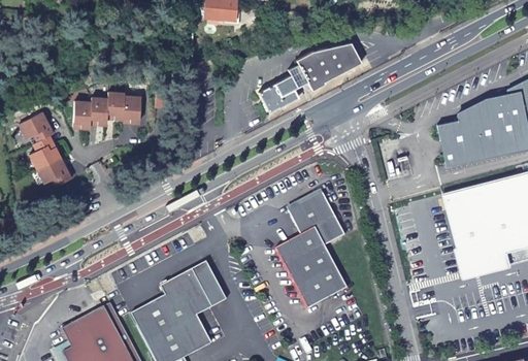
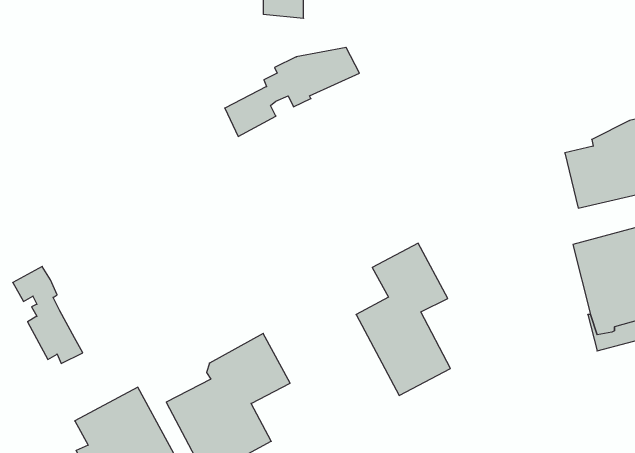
building: [259,43,362,111] -> [225,47,359,136]
building: [71,90,138,126] -> none
building: [16,110,70,185] -> [13,266,83,363]

